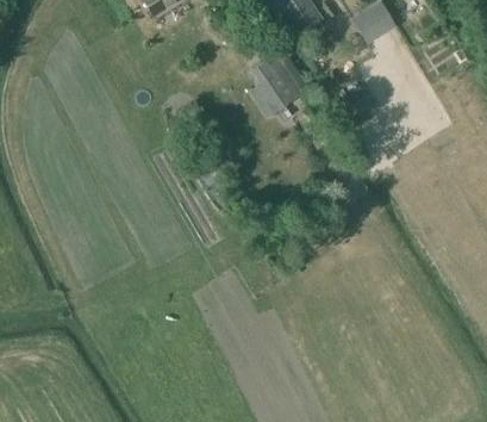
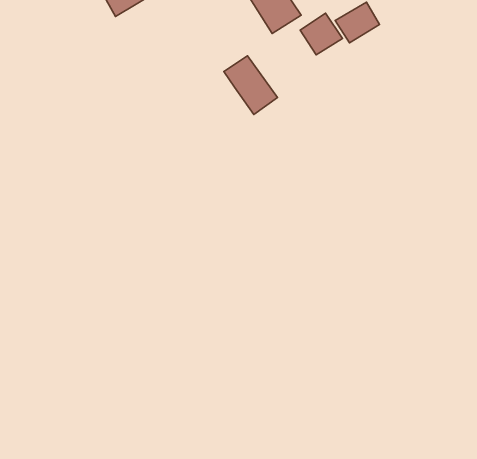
building: none -> [300,13,342,55]

